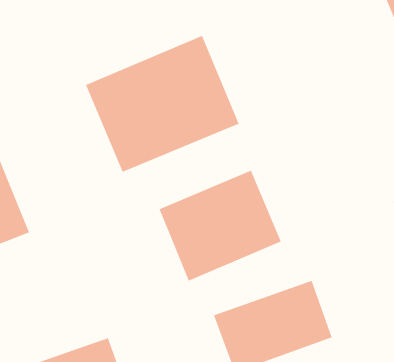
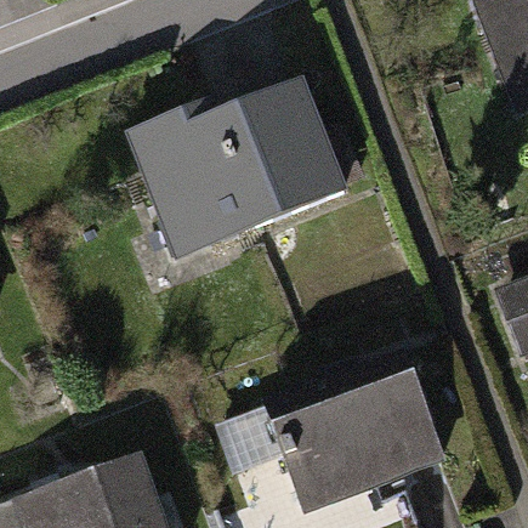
building: [159,170,282,282] -> none

